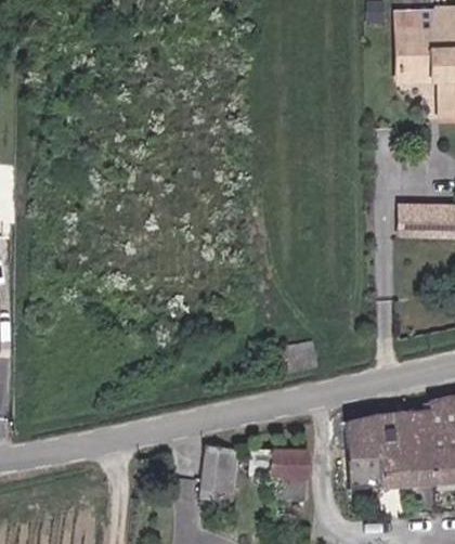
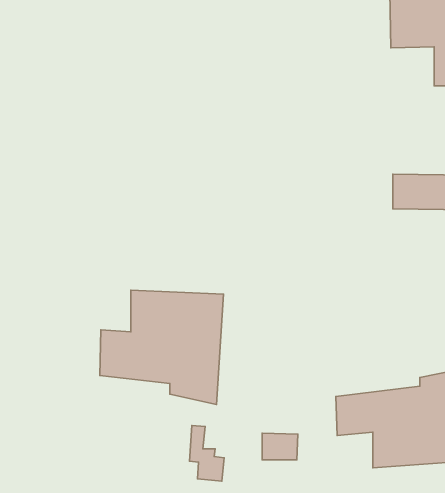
building: none -> [100,290,223,405]

